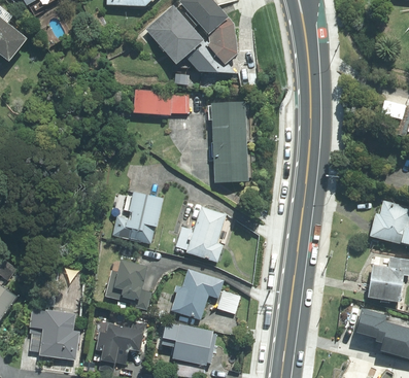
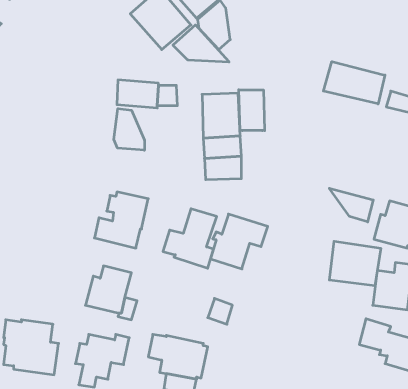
building: none -> [323,62,385,104]
building: none -> [239,90,265,131]
building: none -> [114,109,144,150]
building: none -> [329,188,373,222]
building: none -> [329,241,381,286]
building: [172,269,225,319] -> [211,214,268,269]

